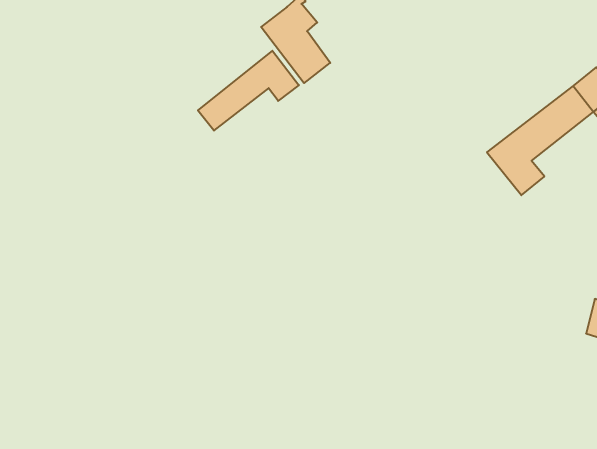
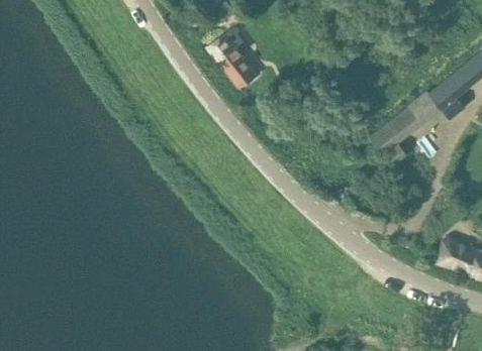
building: [198,51,299,131] -> none

